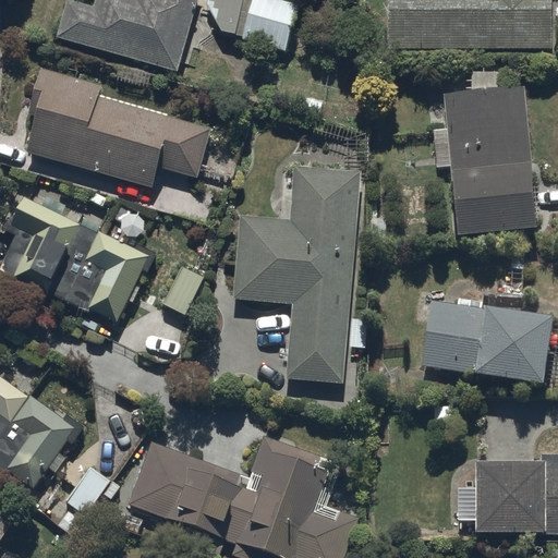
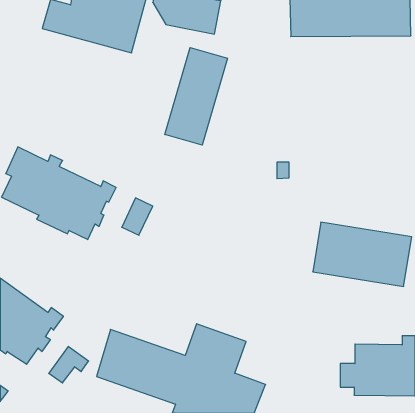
building: none -> [165,48,227,145]
building: [28,69,210,186] -> none
building: [433,69,536,235] -> none
building: [234,167,368,383] -> none

